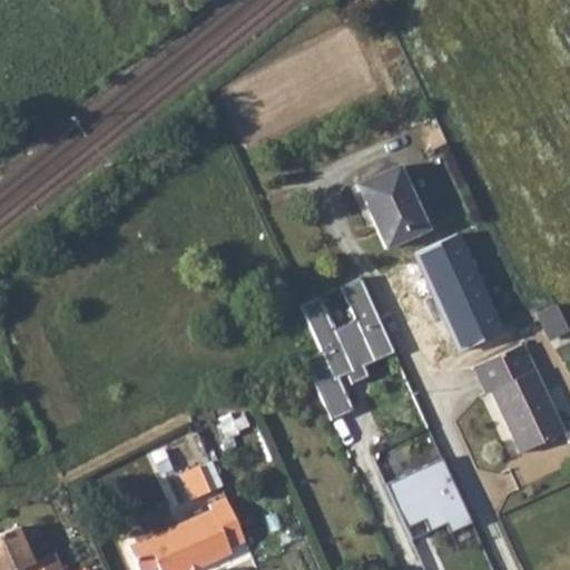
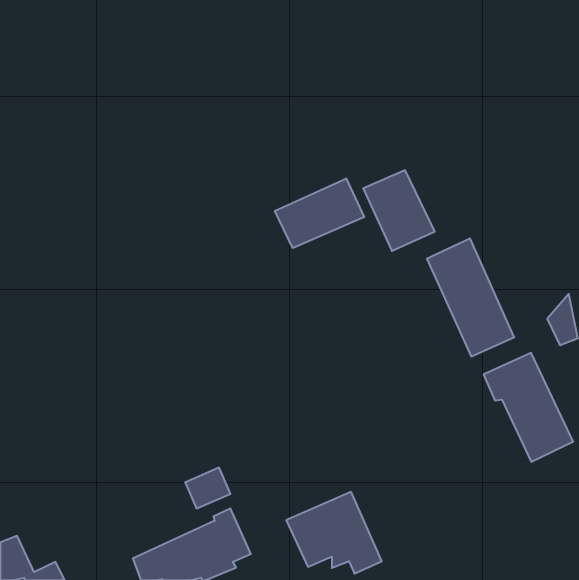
building: none -> [275,178,364,248]
building: [297,274,399,422] -> none
building: [385,456,479,537] -> [286,492,382,574]

